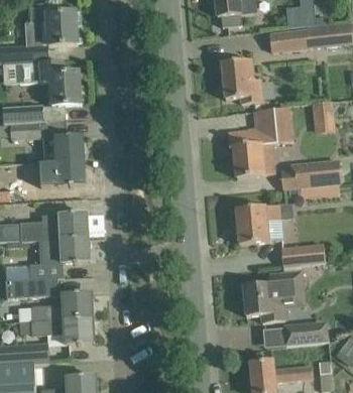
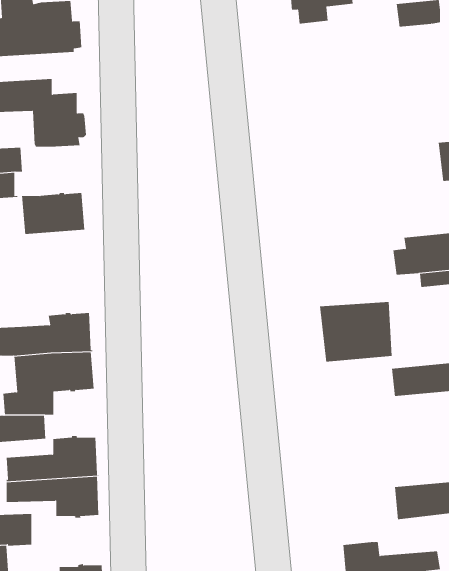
building: [269,29,309,50] -> none
building: [220,58,263,103] -> none
building: [227,107,292,177] -> none
building: [39,158,84,186] -> none
building: [242,268,306,322] -> none

